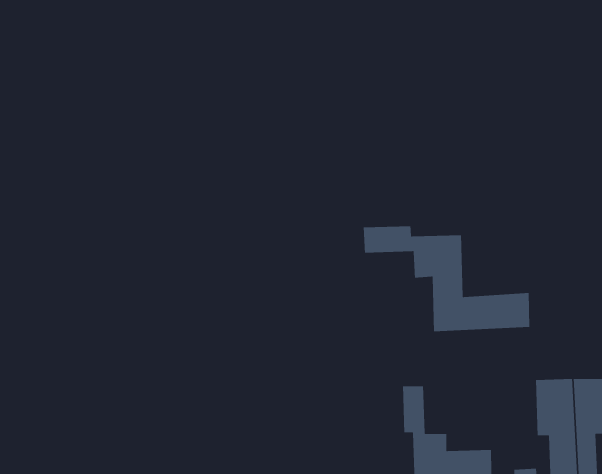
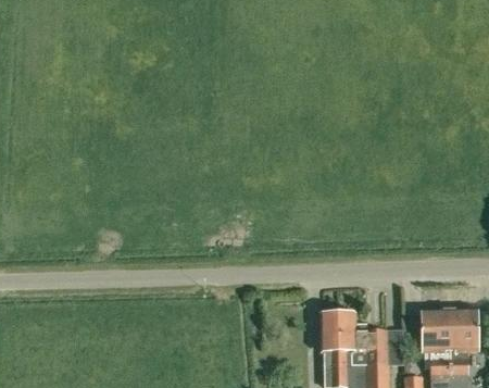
building: [363,225,530,332] -> none
building: none -> [337,313,388,363]

